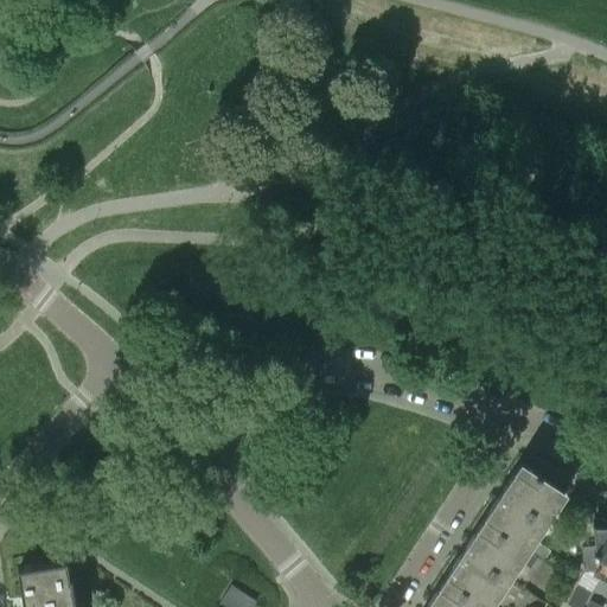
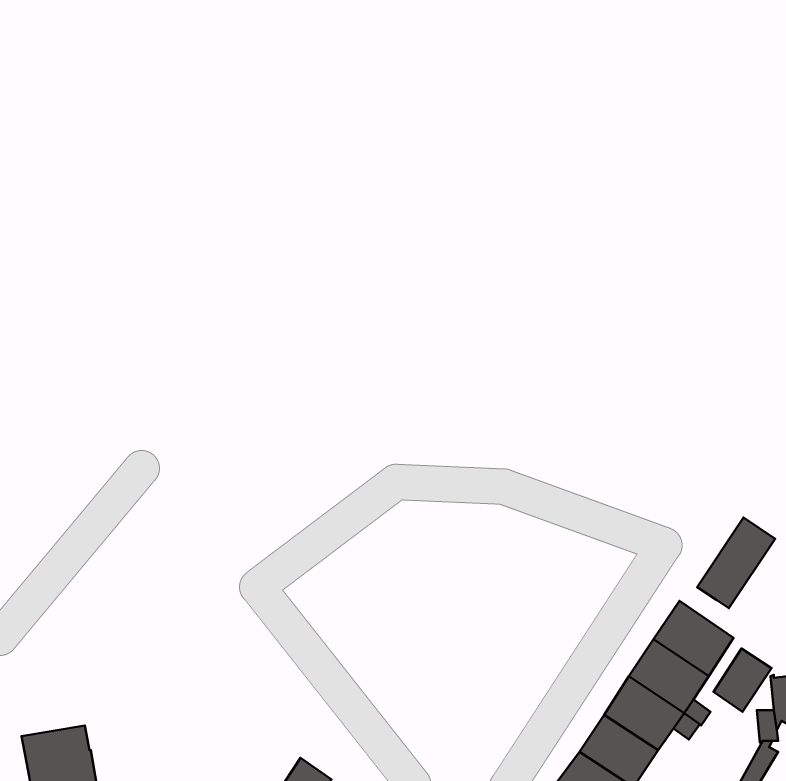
building: none -> [697,518,775,608]
building: none -> [714,649,772,712]

